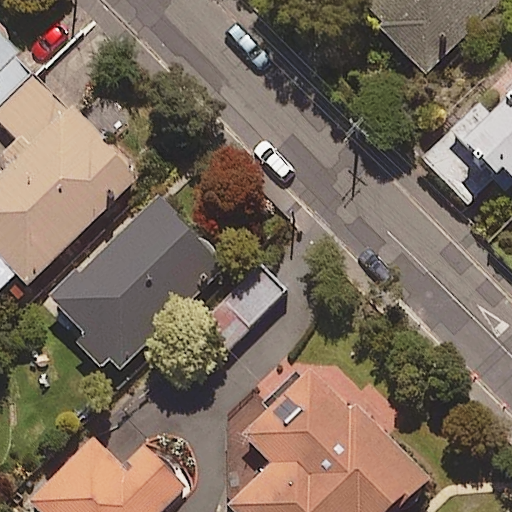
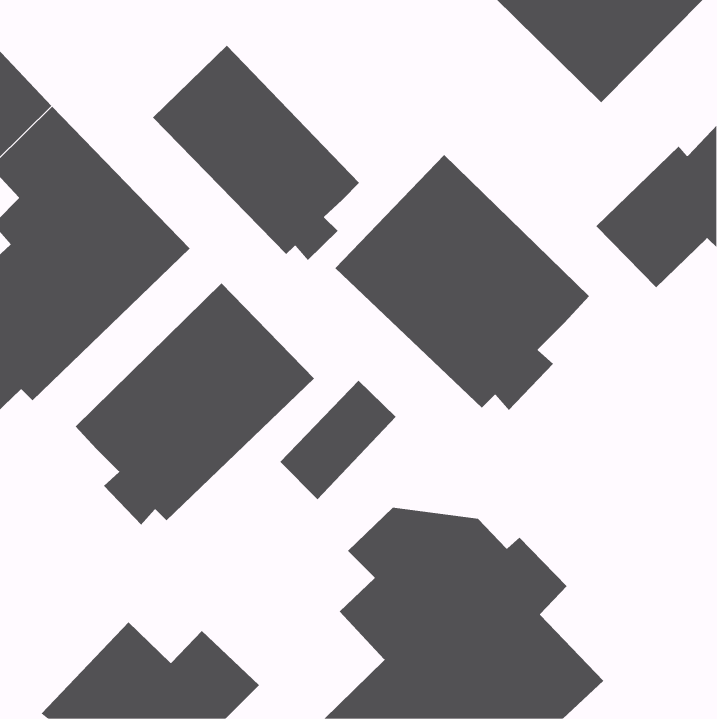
building: none -> [152,45,360,261]
building: none -> [334,154,590,411]

